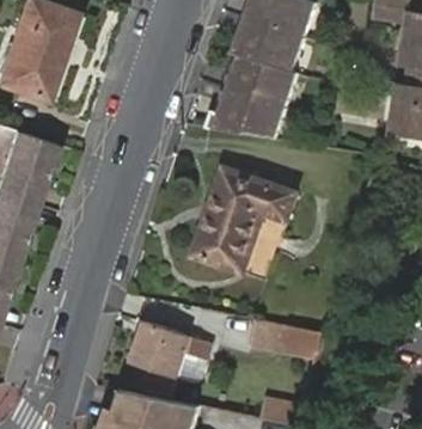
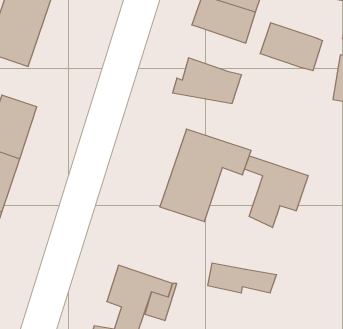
building: [228,55,299,109] -> [260,23,323,71]
building: none -> [245,156,308,228]

